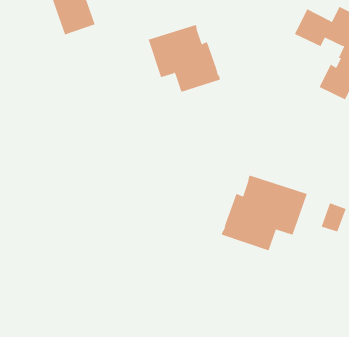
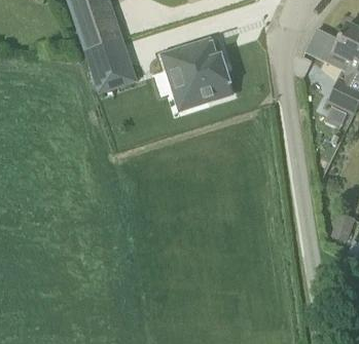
building: none -> [83,39,128,92]
building: [222,175,307,251] -> none

